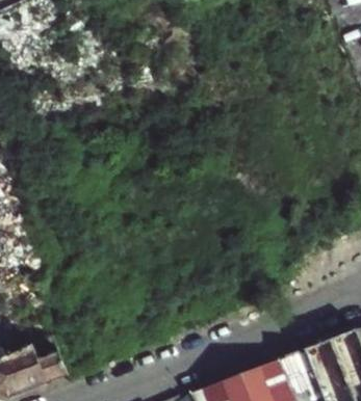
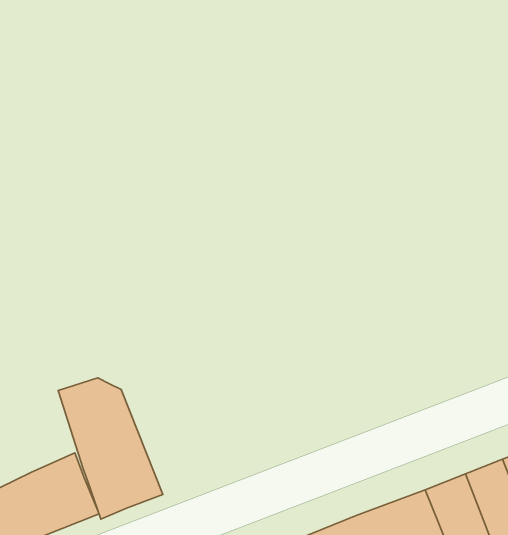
building: none -> [58,378,163,519]

